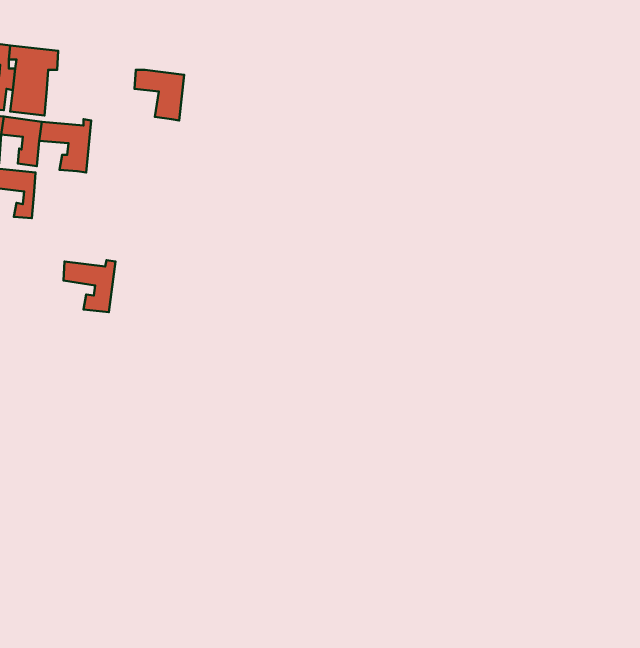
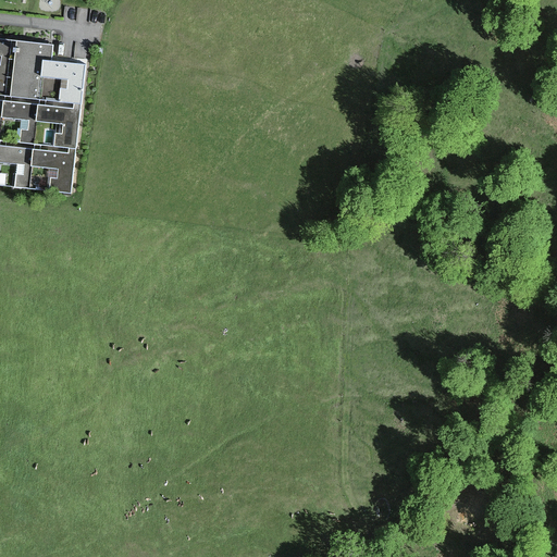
building: [135,70,184,121] -> [40,60,83,103]
building: [63,260,115,312] -> [29,147,74,191]

